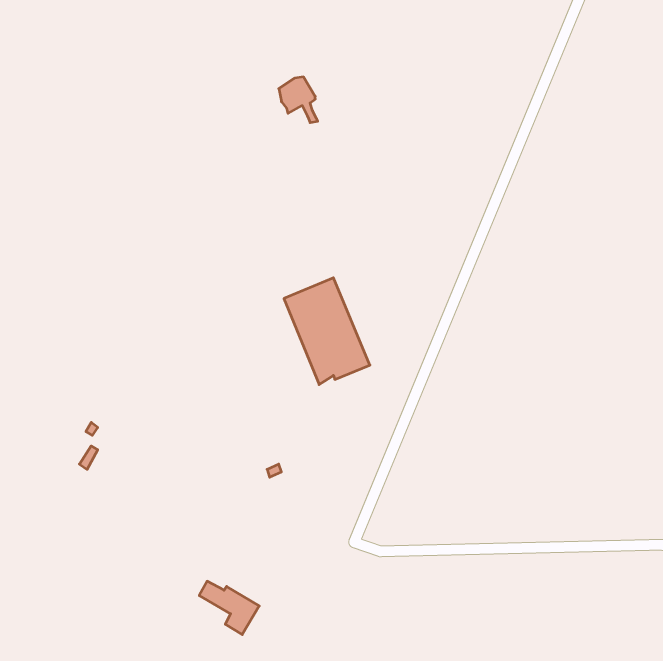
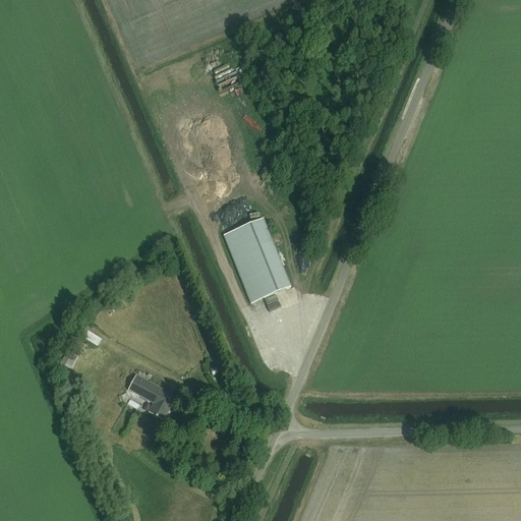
building: [199,581,259,635] -> [127,375,174,417]

